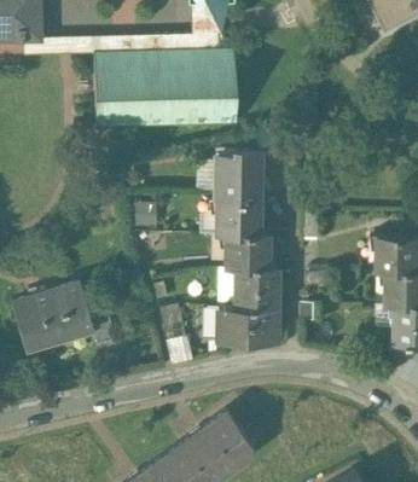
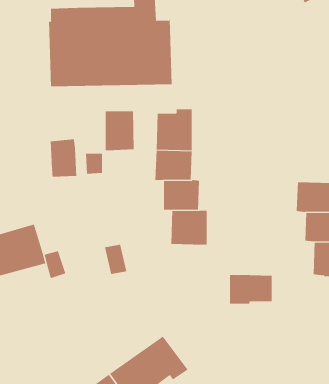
building: none -> [105,110,134,151]
building: none -> [50,139,77,178]
building: [223,309,273,343] -> [229,275,272,304]

